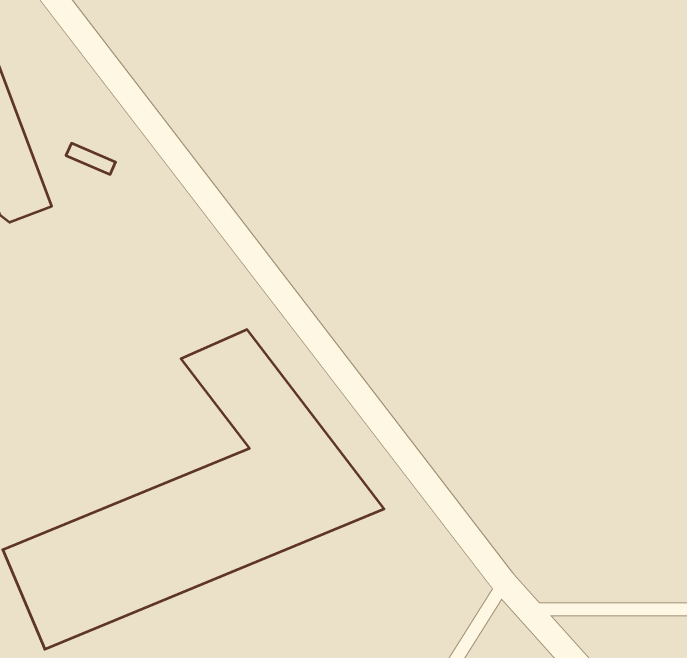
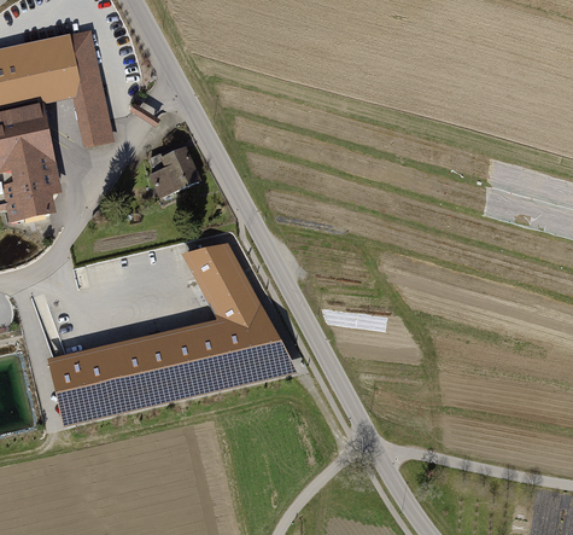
building: none -> [147,146,201,199]

